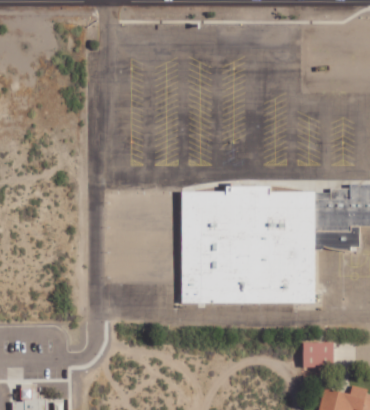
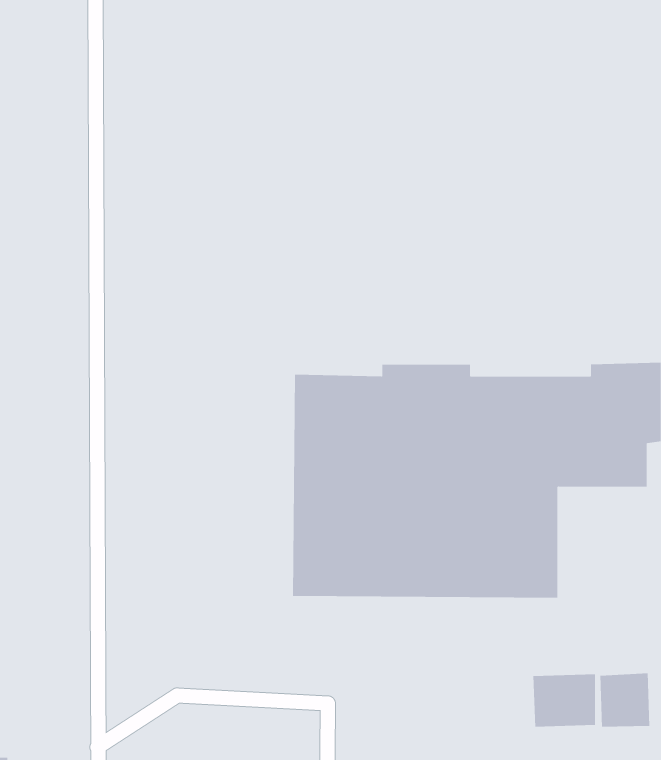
building: none -> [600,672,650,728]

